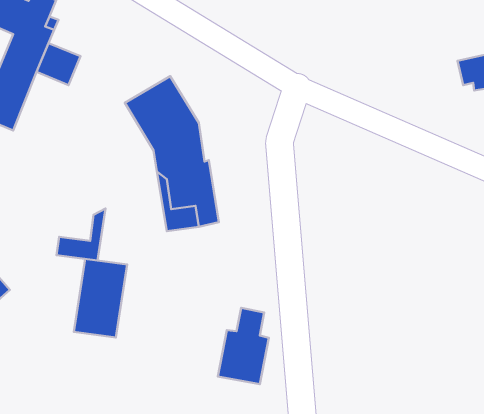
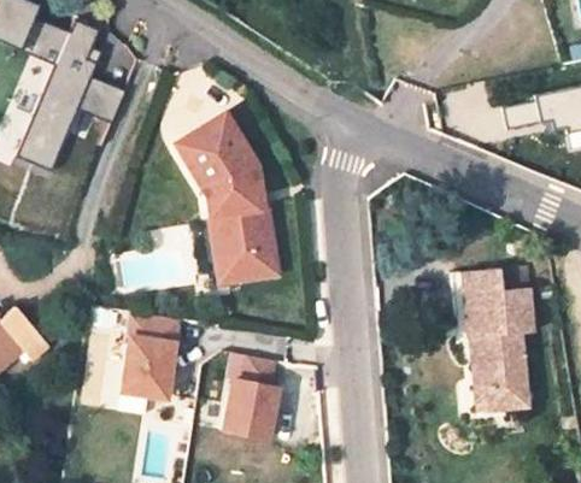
building: [57,209,105,260] -> none
building: none -> [462,267,533,407]
building: [218,308,269,384] -> [222,355,277,438]

